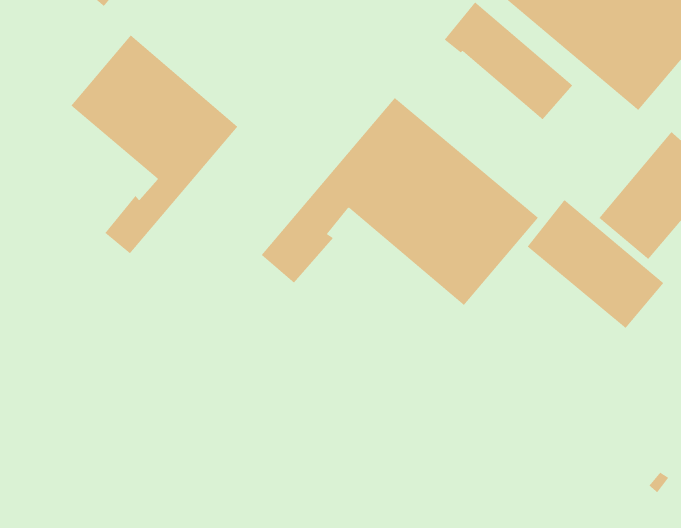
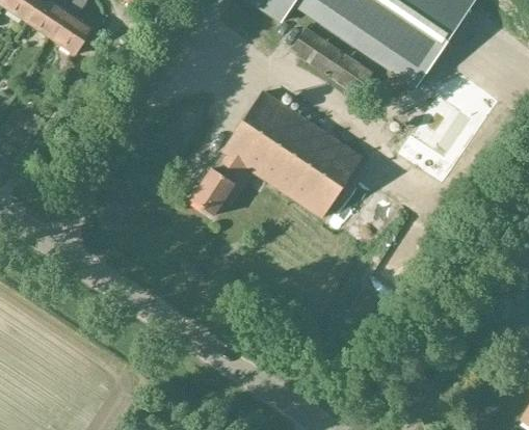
building: [71,35,238,254] -> none
building: [527,199,664,329] -> none

